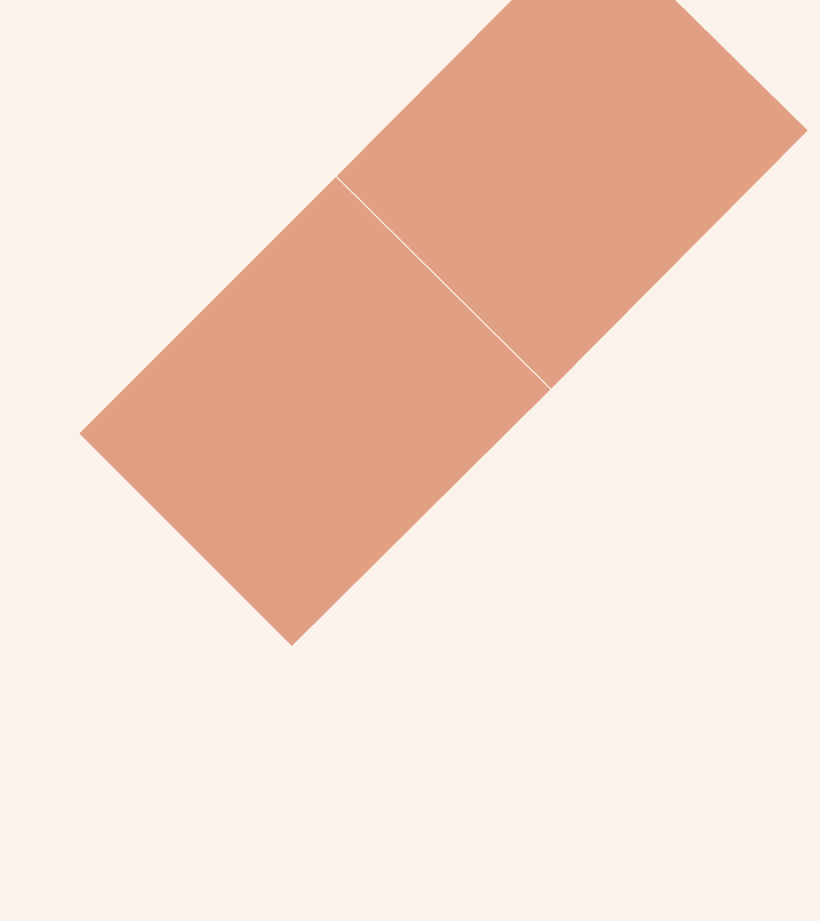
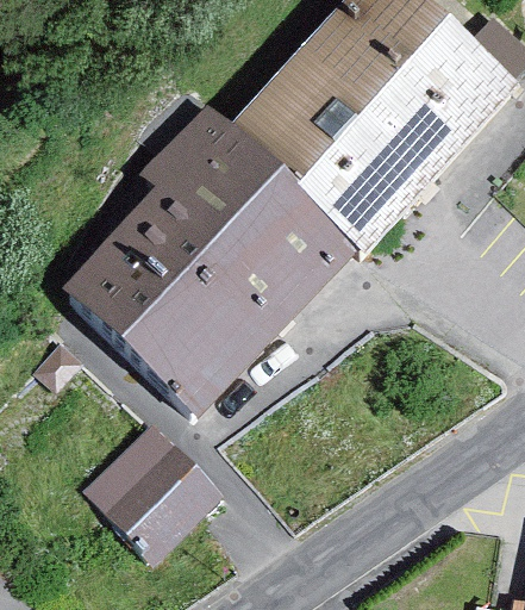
building: none -> [82,419,231,567]

